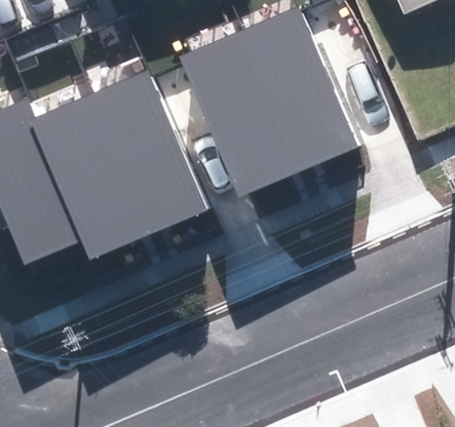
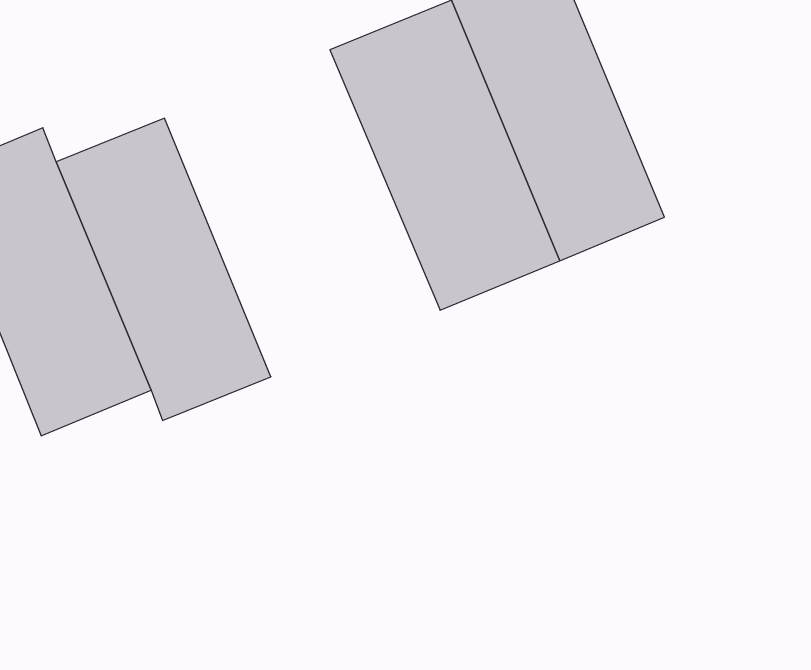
building: [89,70,205,233] -> none

